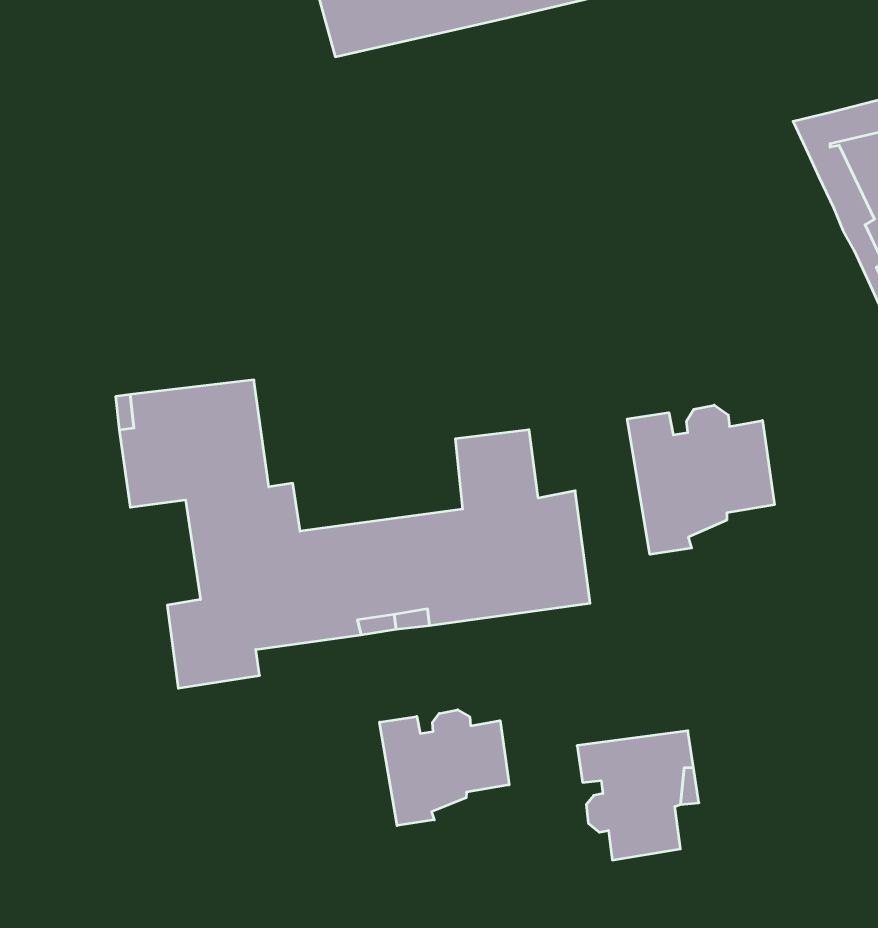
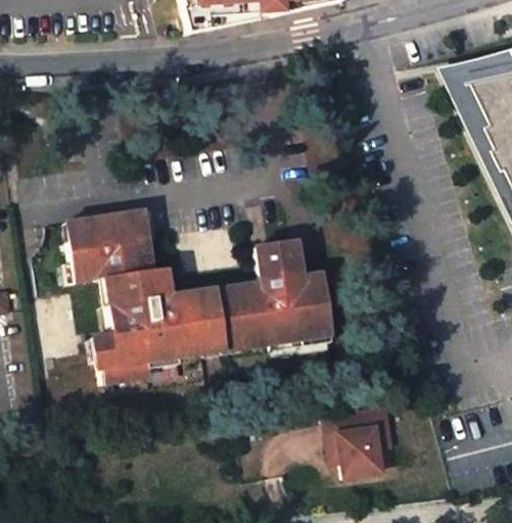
building: [627,405,774,554] -> none
building: [380,710,509,826] -> none

